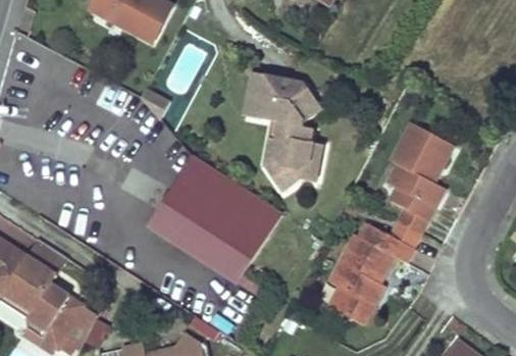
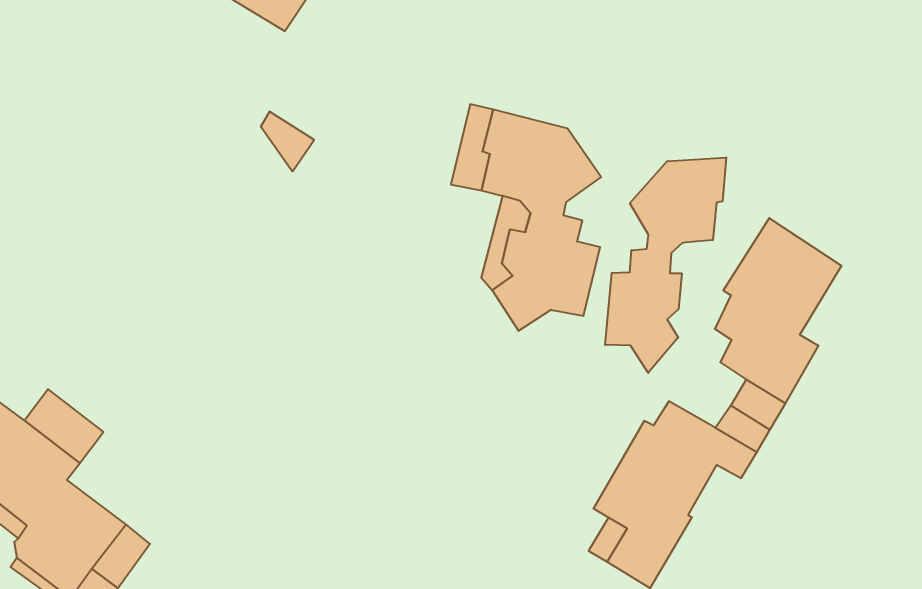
building: none -> [605,157,726,373]
building: [152,156,282,279] -> none

